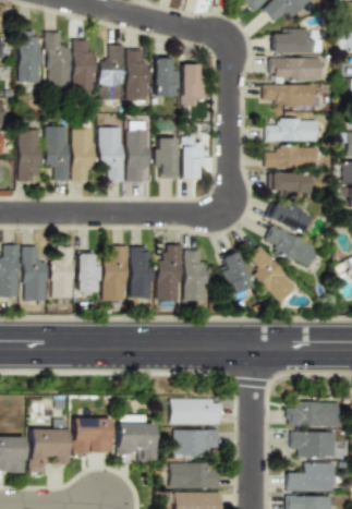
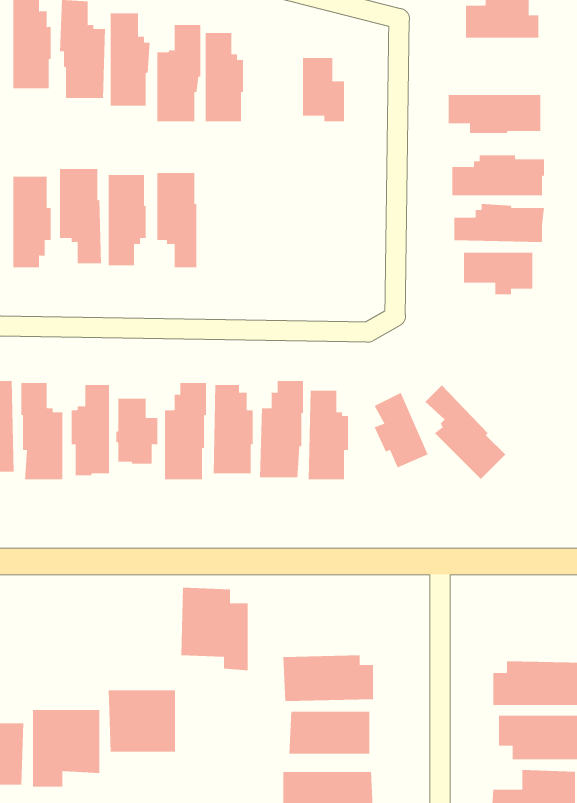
building: [270,58,321,81] -> none
building: [155,59,178,96] -> none
building: [126,131,149,181] -> none
building: [155,137,177,175] -> none
building: [181,142,204,178] -> none
building: [268,202,311,233] -> none
building: [266,226,317,265] -> none
building: [117,414,155,461] -> [180,587,248,671]

